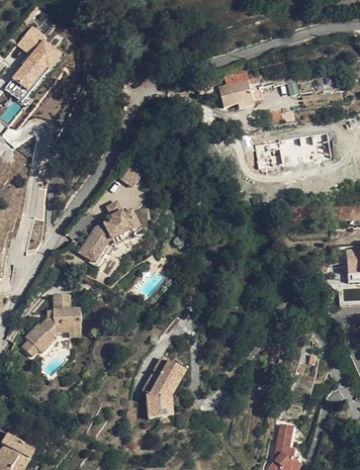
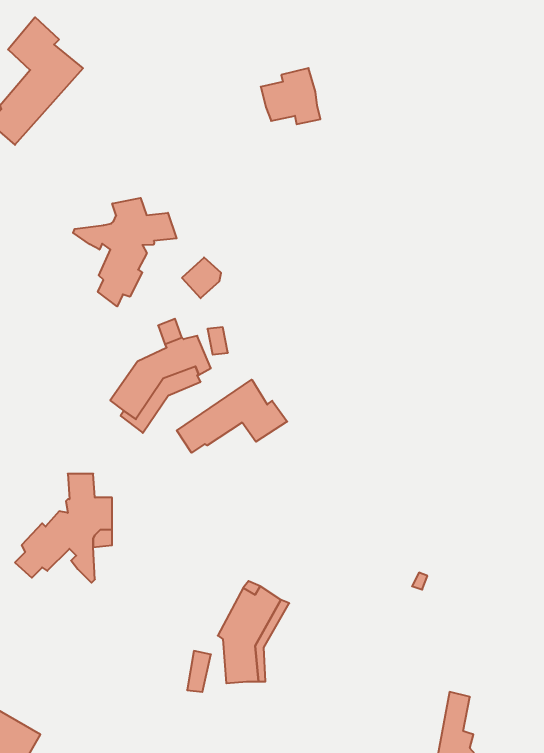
building: [218,74,254,107] -> [261,68,320,124]
building: none -> [73,198,177,306]
building: none -> [177,380,287,453]

